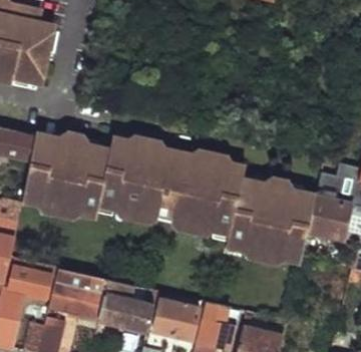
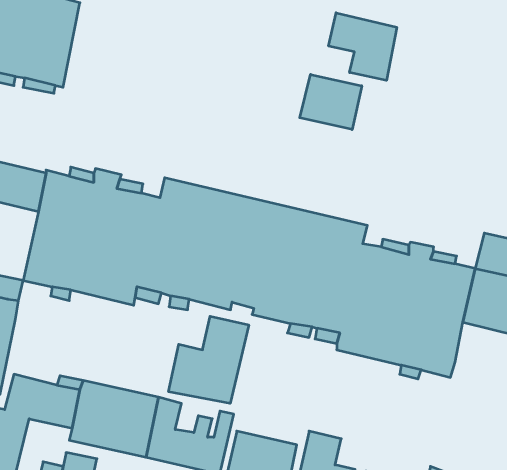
building: none -> [329,13,397,80]
building: none -> [300,74,362,130]
building: none -> [169,316,249,403]

